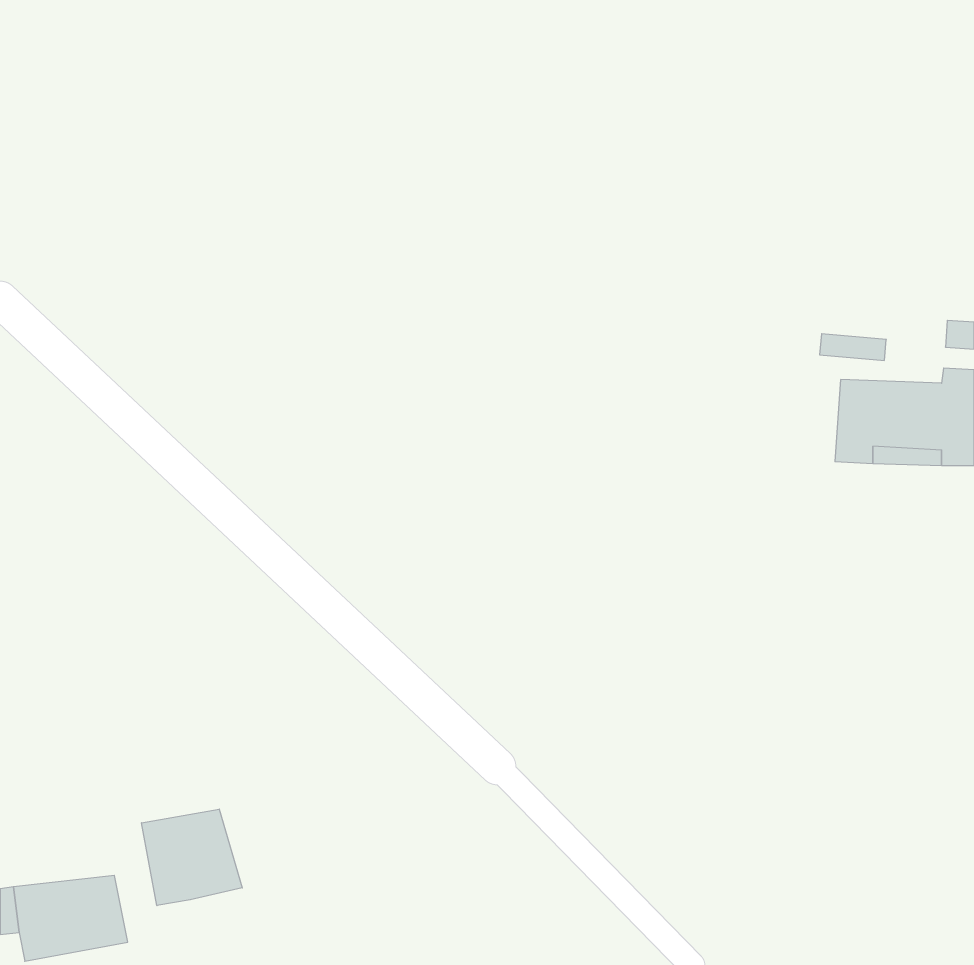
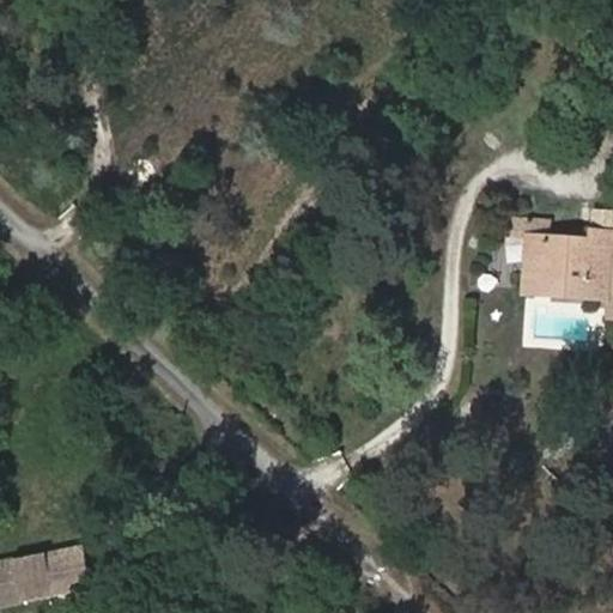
building: [142,809,242,906] -> none

